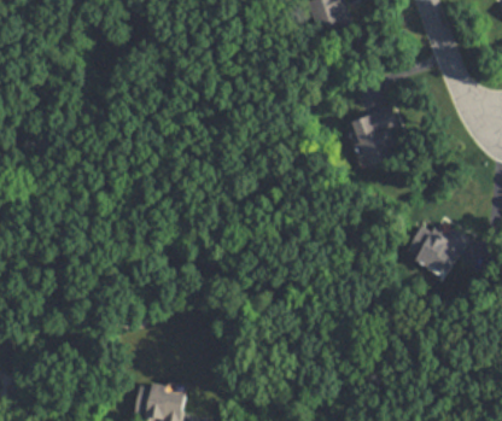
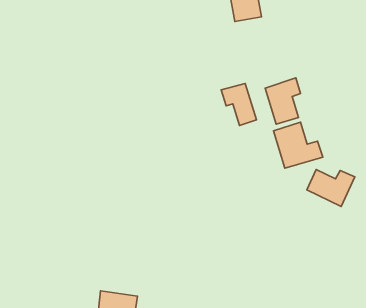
building: none -> [221,83,256,125]
building: none -> [273,122,323,168]

